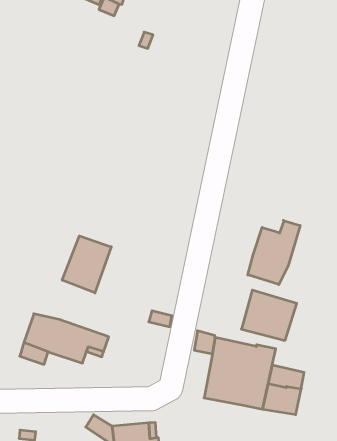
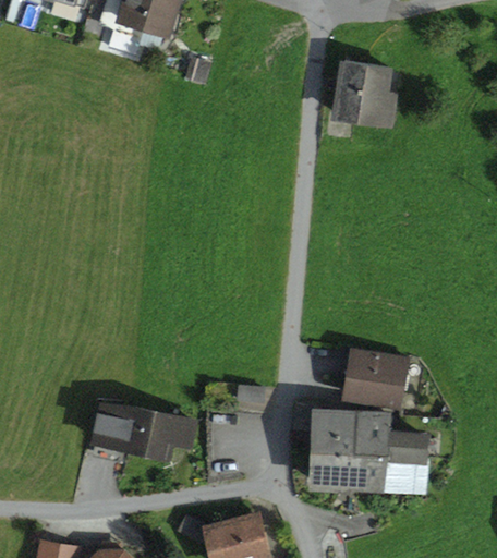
building: none -> [337,61,396,123]
building: [248,220,300,285] -> none
building: [62,236,111,293] -> none

